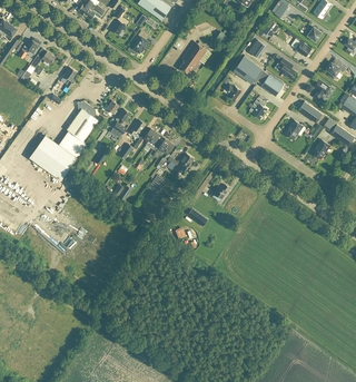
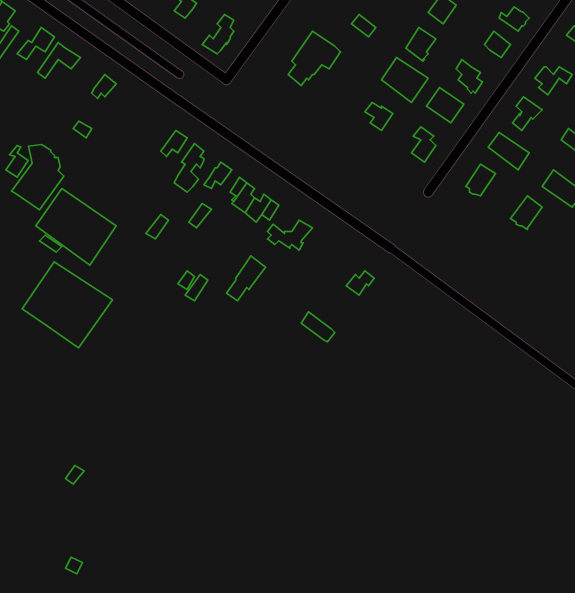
building: [66,101,97,140] -> [12,144,64,210]
building: none -> [22,262,112,348]

